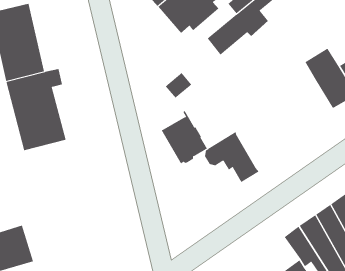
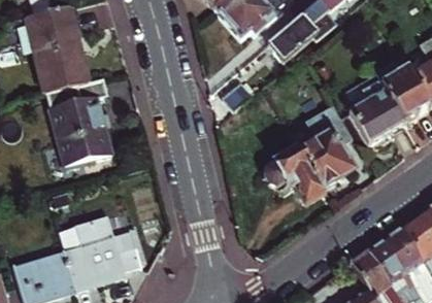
building: none -> [348,89,405,142]
building: [161,110,208,164] -> [300,126,352,186]
building: none -> [64,225,142,289]

